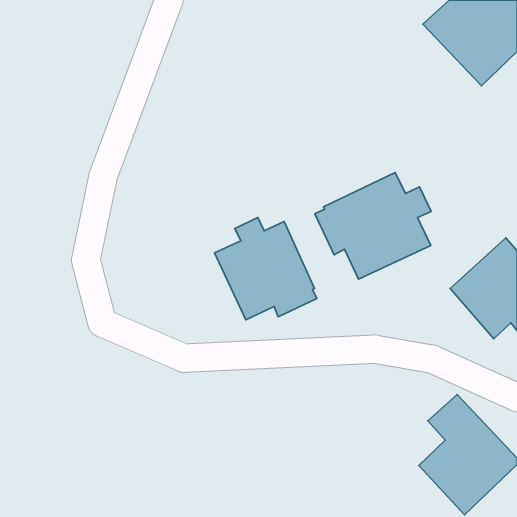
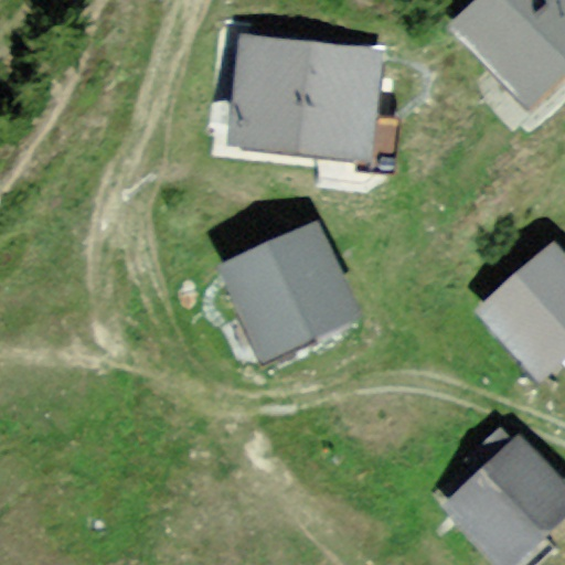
building: none -> [242,50,377,151]
building: [315,172,431,279] -> none

